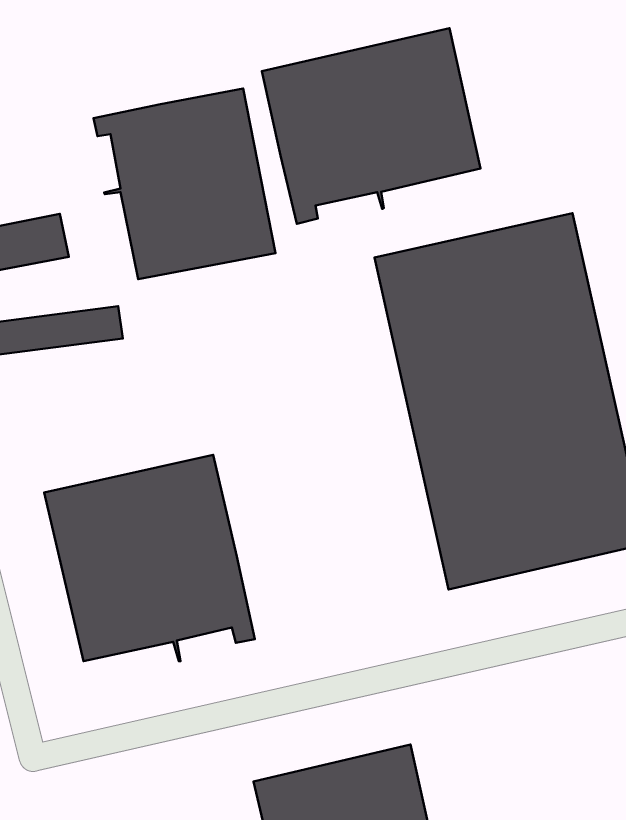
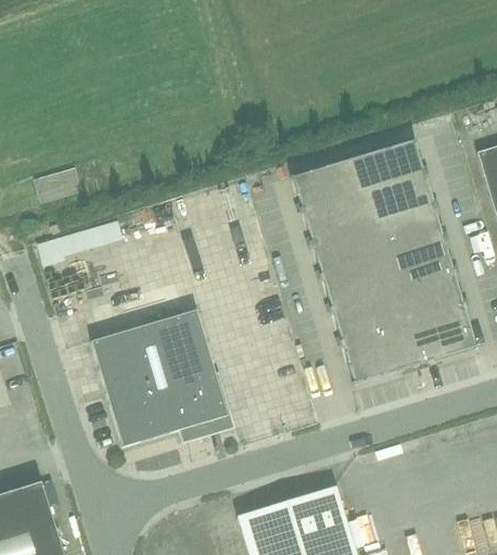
building: [262,28,481,224] -> none
building: [94,89,276,279] -> none

